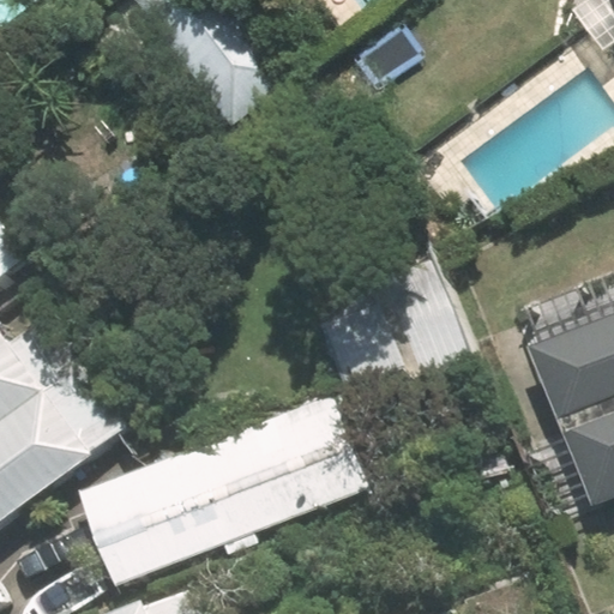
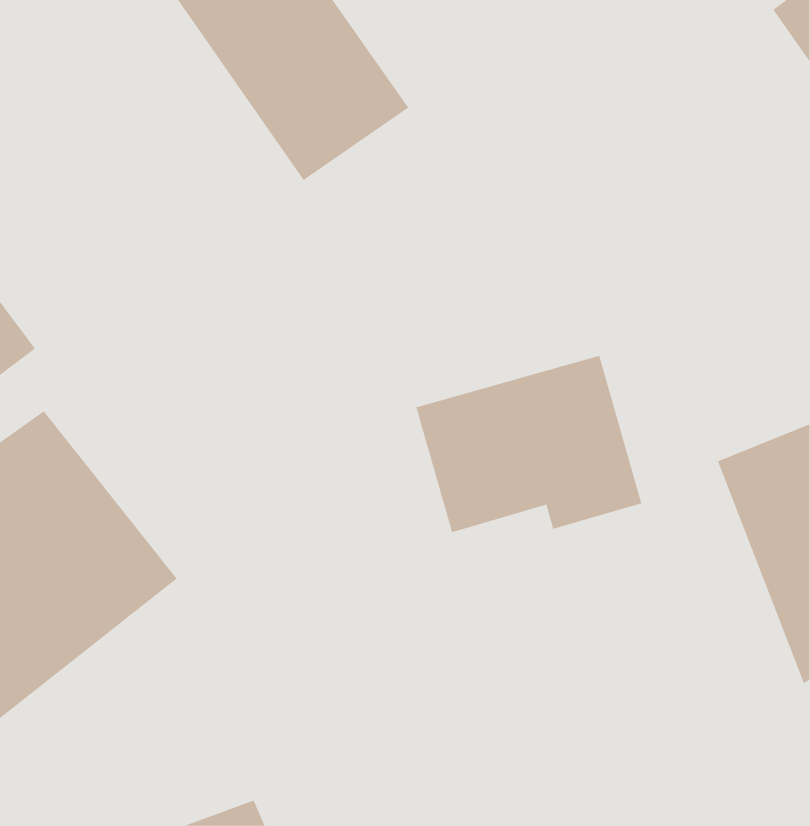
building: [71,399,360,584] -> none

